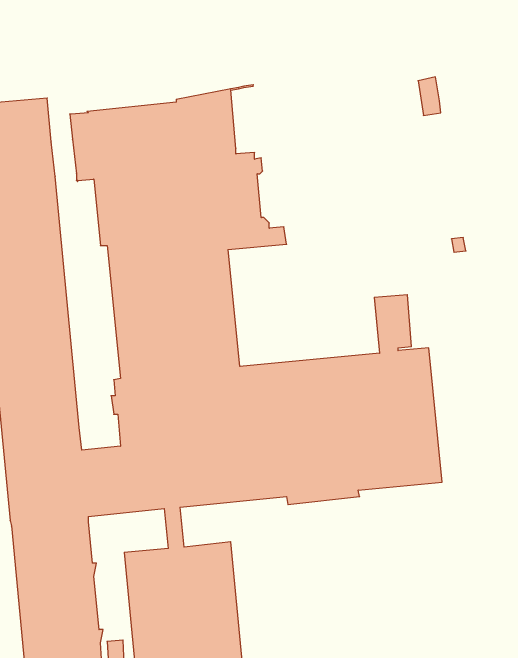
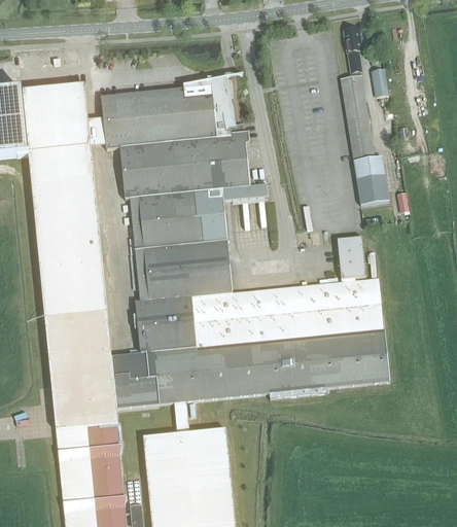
building: none -> [340,26,389,204]

